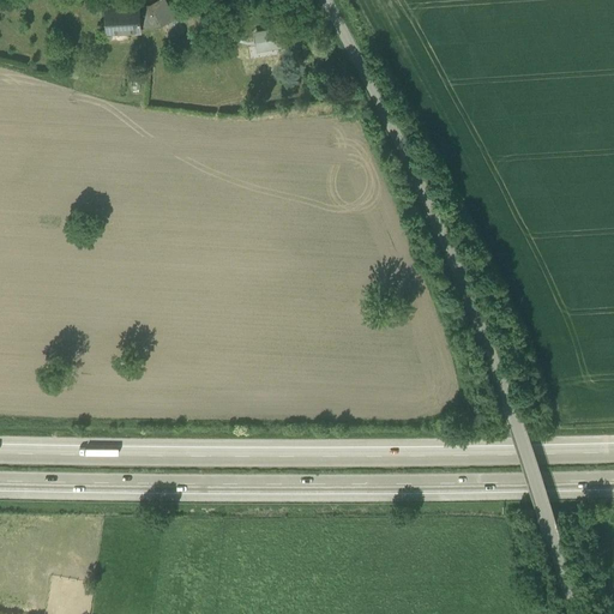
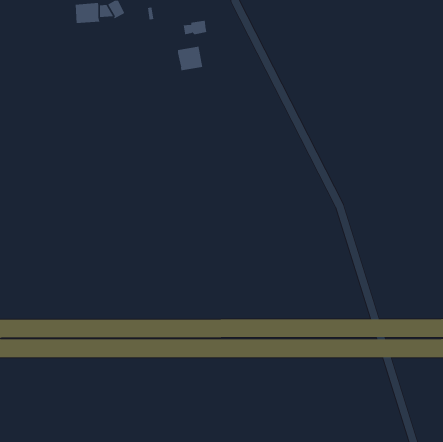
building: none -> [177,46,203,71]

